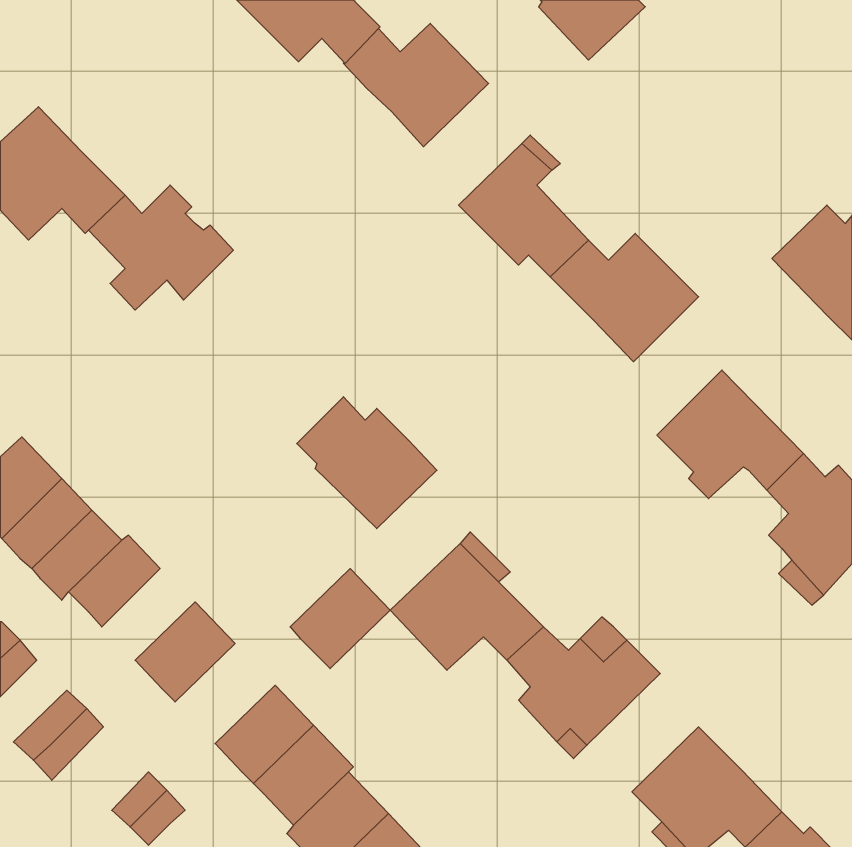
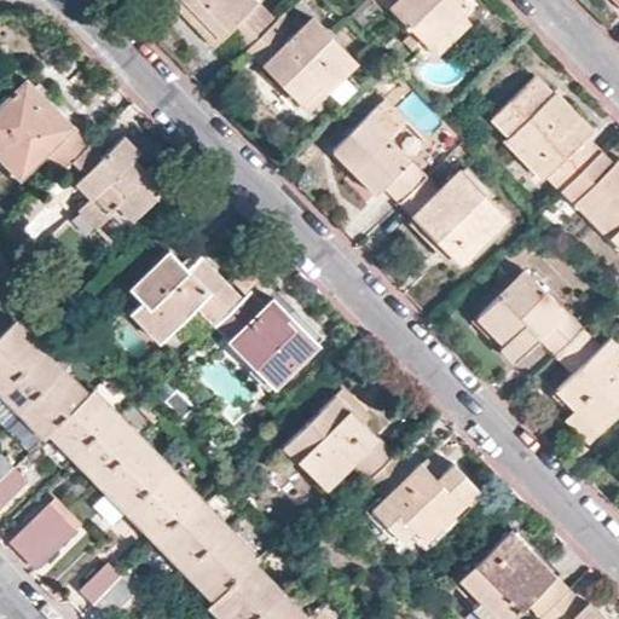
building: none -> [491,77,600,191]
building: none -> [131,253,241,341]
building: none -> [74,416,141,482]
building: [290,569,390,669] -> [127,470,199,543]

